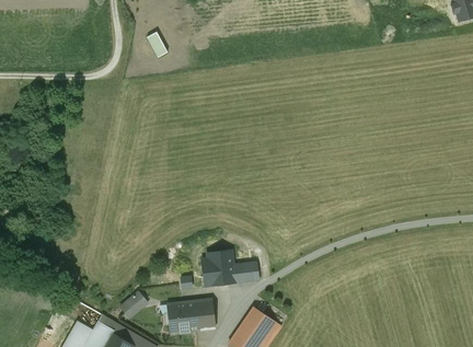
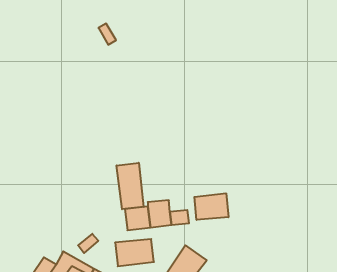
building: none -> [117,163,144,209]
building: none -> [194,193,228,220]

